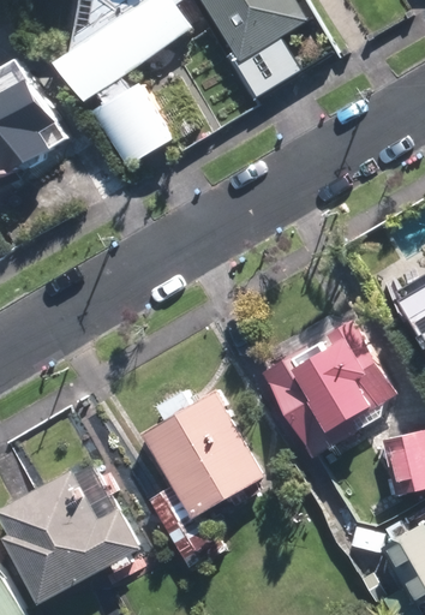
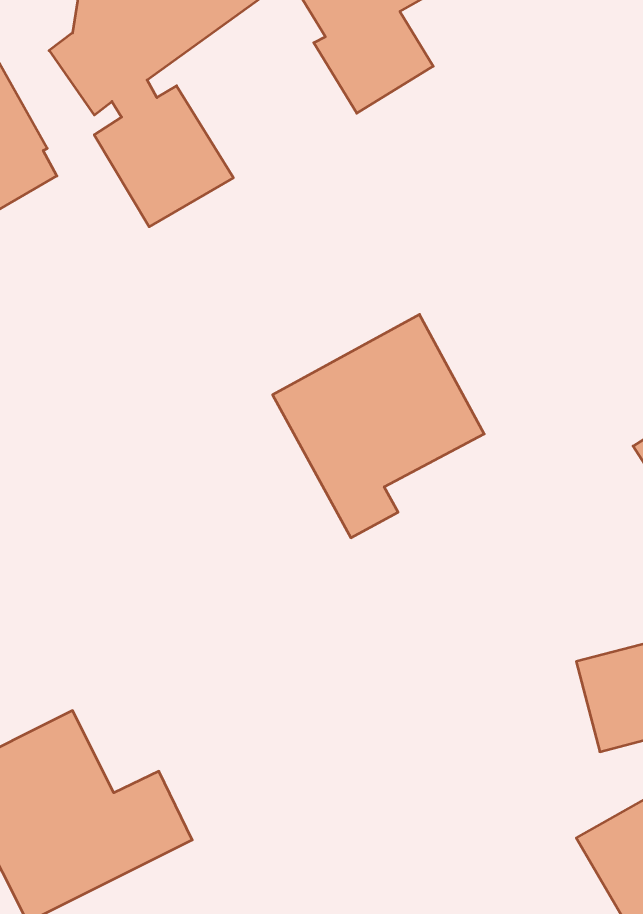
building: [265,320,395,456] -> [273,314,484,538]
building: [139,389,263,517] -> none

